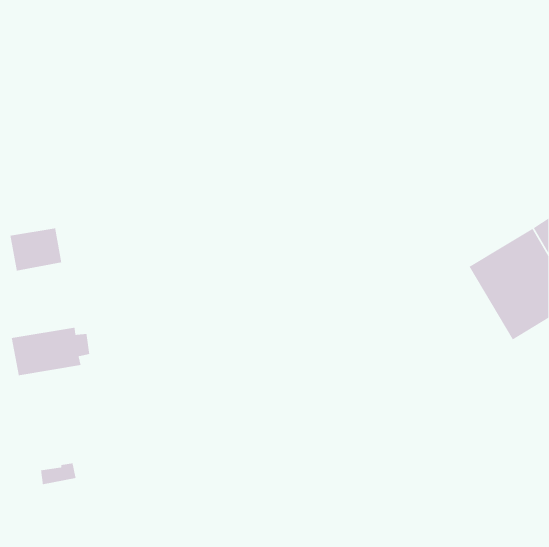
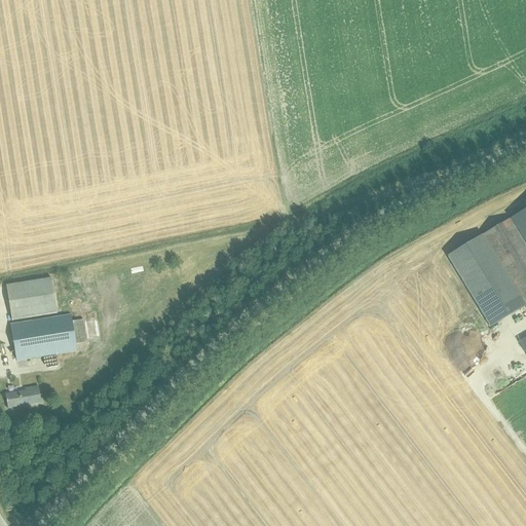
building: [10,228,62,272] -> [6,276,57,318]
building: [40,462,77,485] -> [6,385,41,407]

